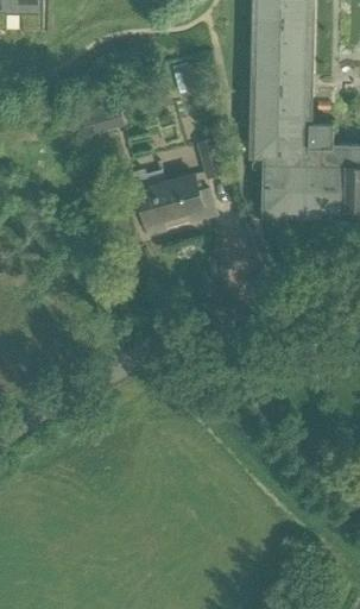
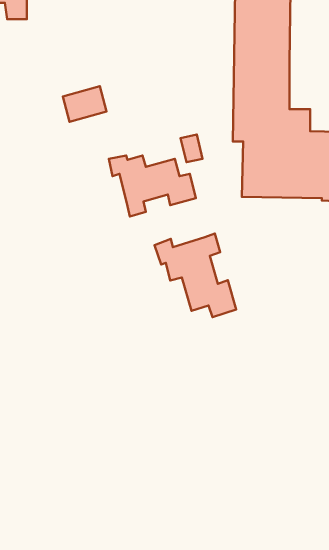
building: none -> [154,233,236,317]

